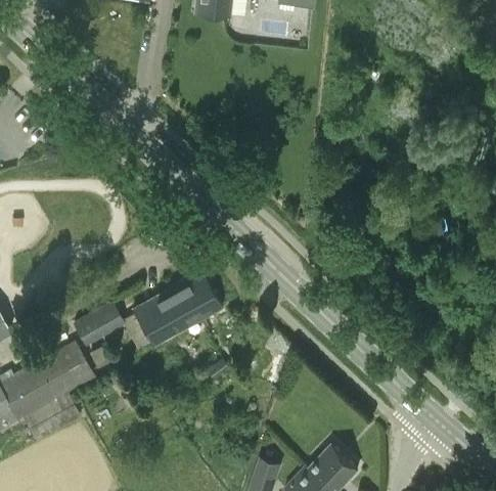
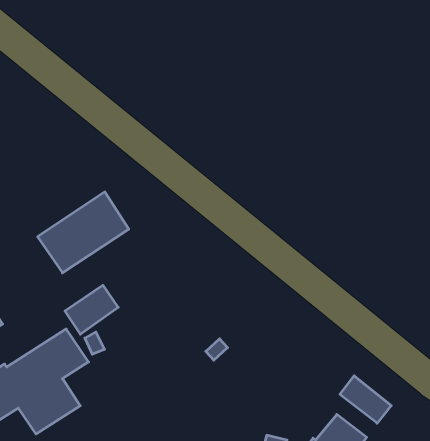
building: [131,271,220,347] -> [38,192,129,273]
building: none -> [340,376,391,423]

